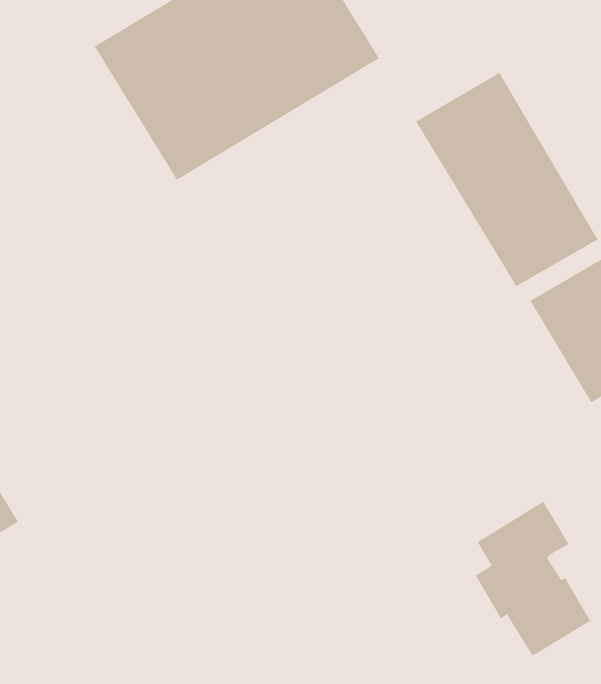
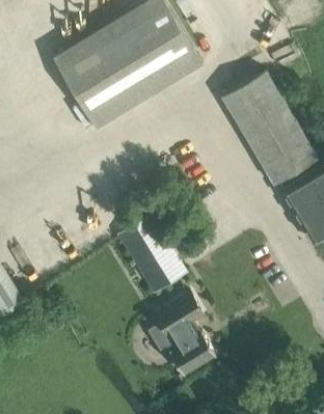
building: none -> [118,217,187,295]
building: [475,501,591,656] -> [154,294,215,376]

